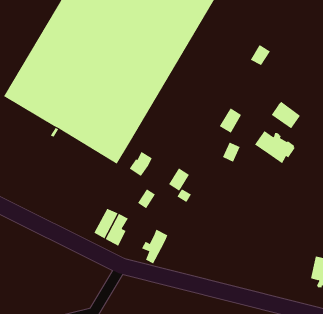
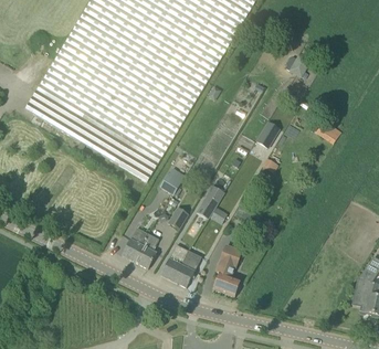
building: [254,130,296,164] -> none
building: none -> [160,244,188,283]
building: none -> [212,245,241,296]

